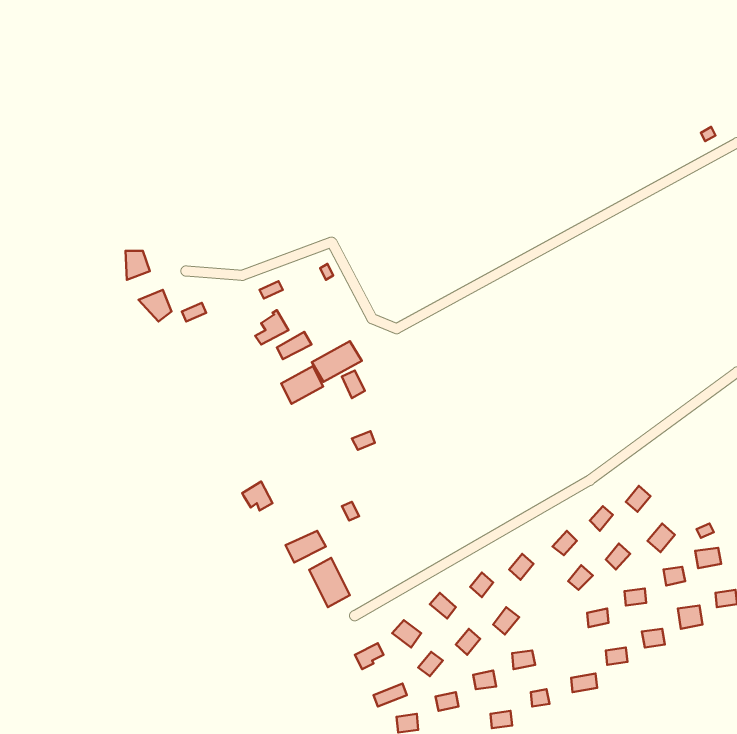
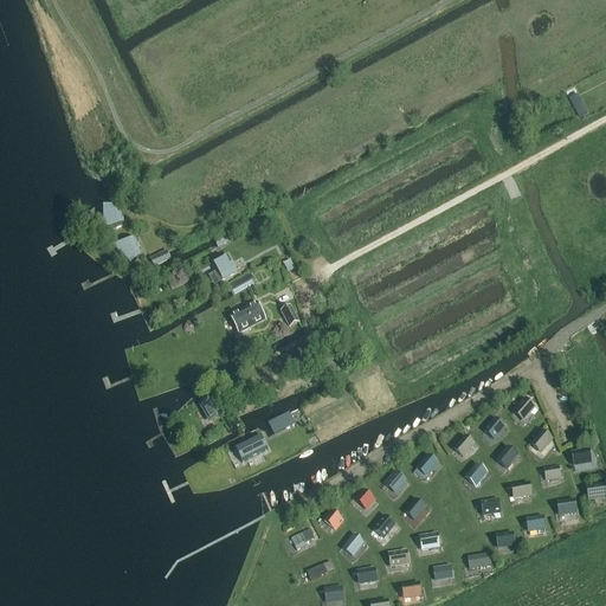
building: [312,341,362,382] -> none
building: [309,558,350,607] -> none

